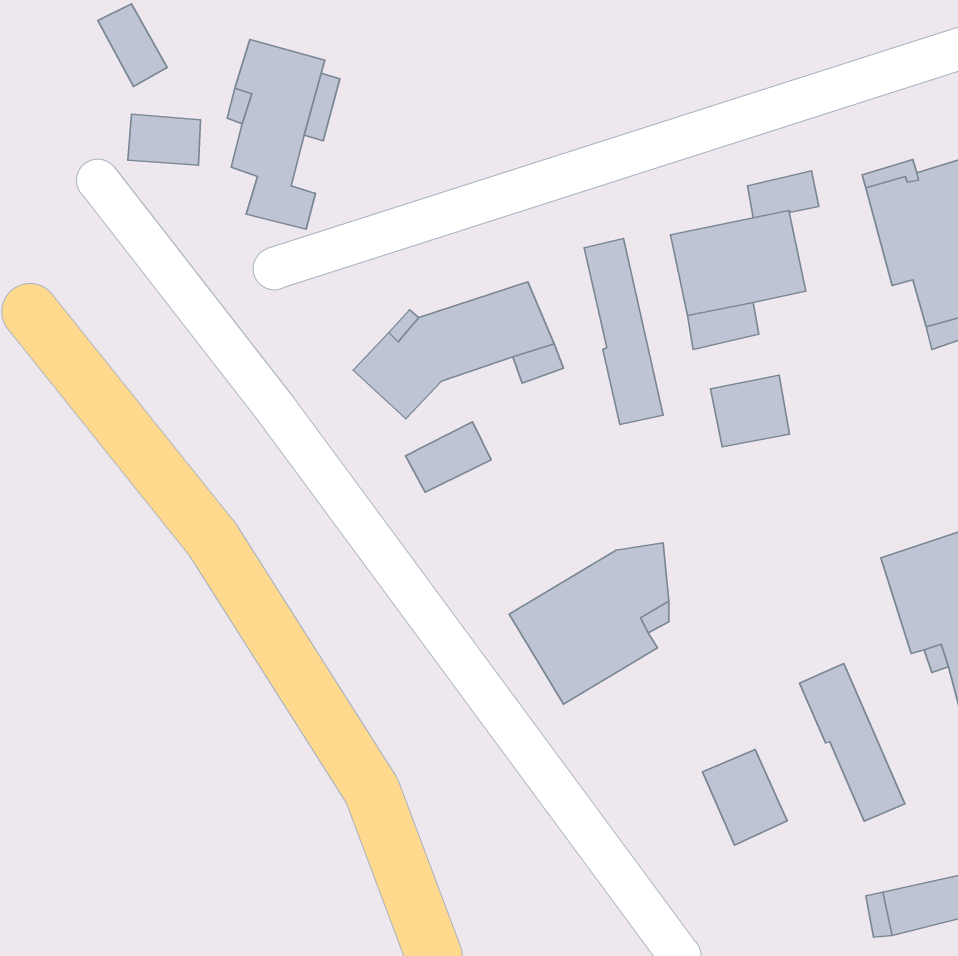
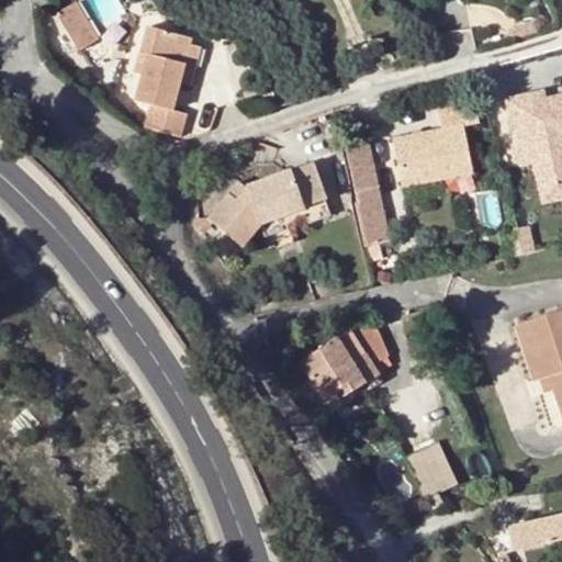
building: [128,114,200,165] -> none
building: [710,375,790,447] -> none
building: [405,422,491,492] -> none
building: [799,664,905,821] -> none

